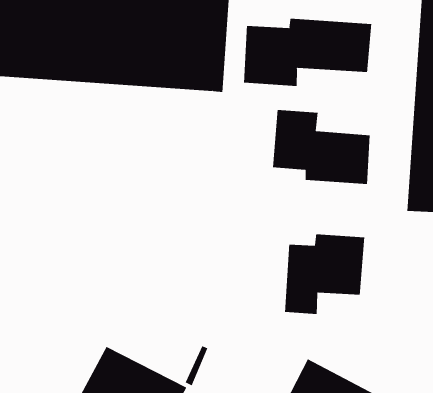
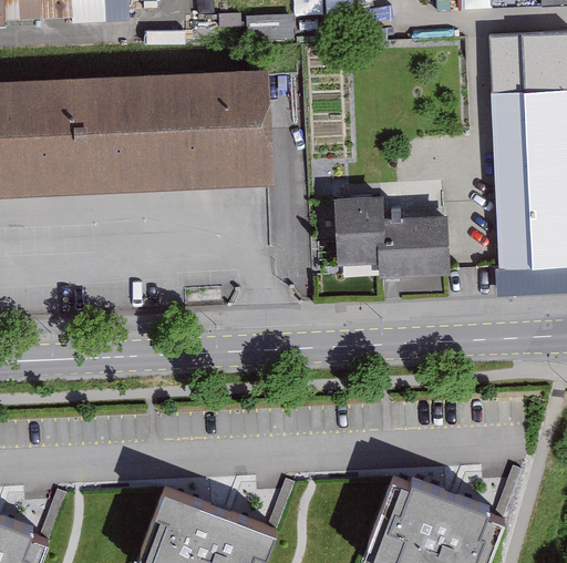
building: [243,18,372,87] -> none
building: [285,234,365,315] -> none

